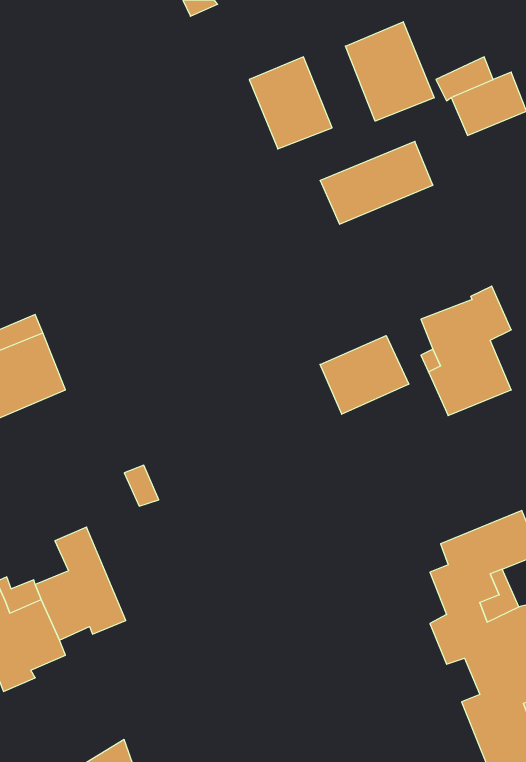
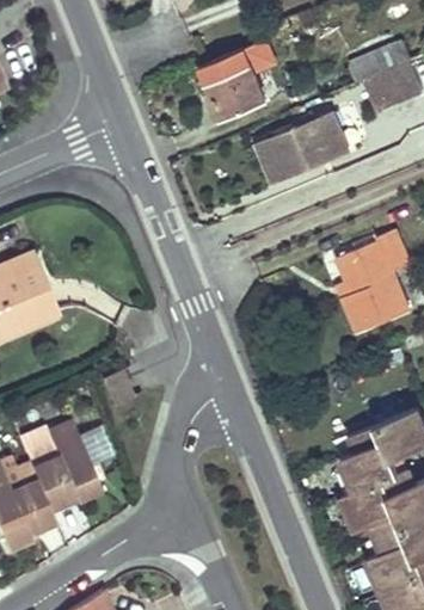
building: [345,22,434,121] -> none
building: [320,336,409,414] -> none

